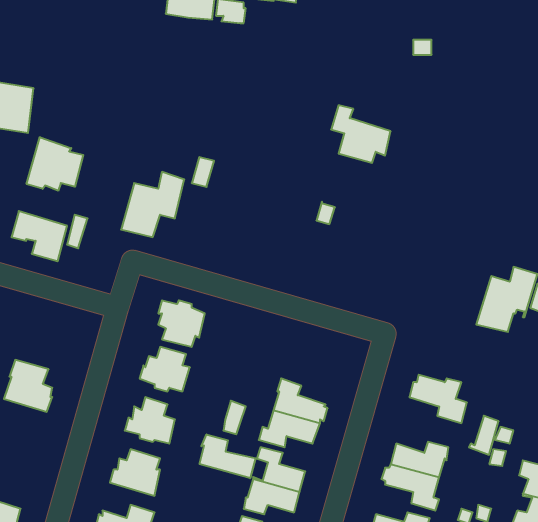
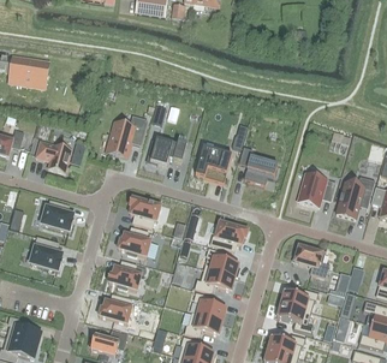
building: [331,105,391,163] -> [238,147,276,184]
building: [27,137,83,191] -> none
building: none -> [149,137,187,165]
building: none -> [195,145,232,182]
building: none -> [298,172,335,206]
building: none -> [42,200,72,230]
building: none -> [210,221,248,250]
building: [200,434,256,478] -> none

